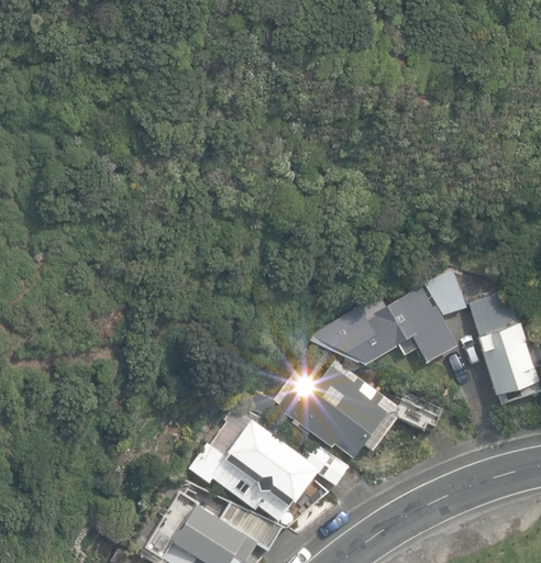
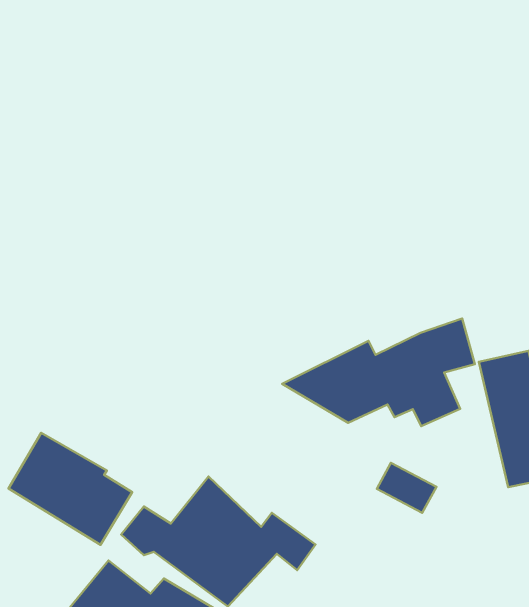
building: [246,361,387,459] -> none
building: none -> [8,433,132,545]

